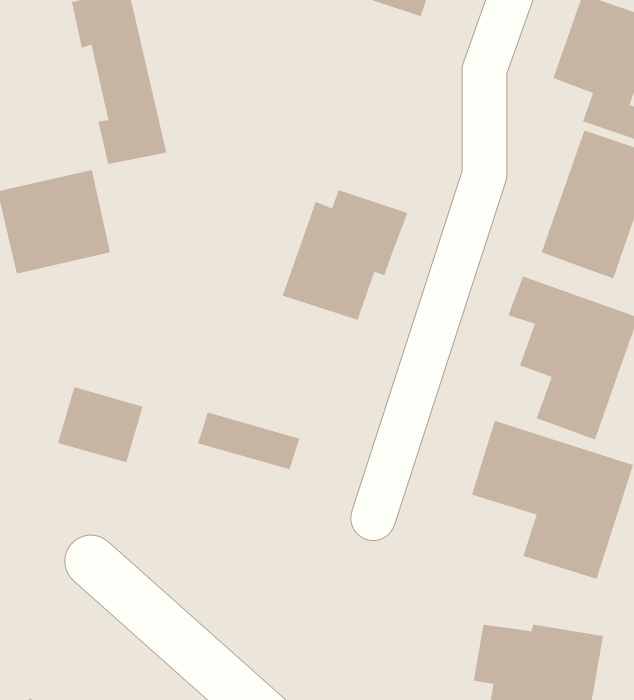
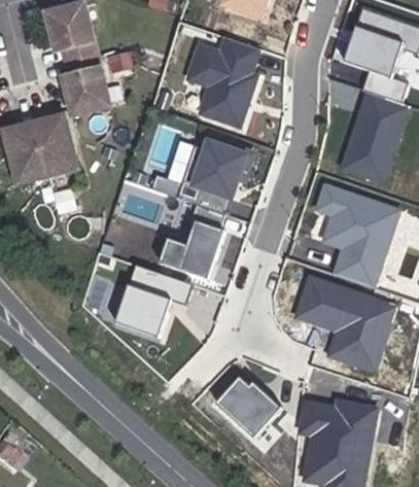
building: none -> [190,36,261,124]
building: none -> [163,203,225,276]
building: [57,387,144,463] -> [115,288,169,336]
building: none -> [215,375,277,436]

